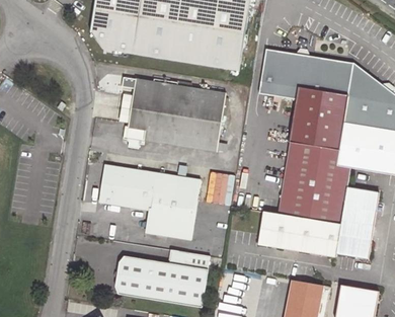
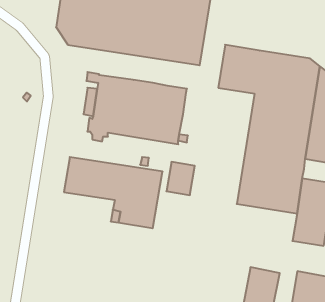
building: [257,211,340,256] -> none
building: [114,249,210,307] -> none

